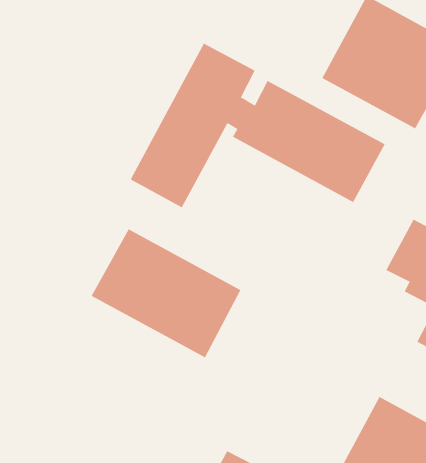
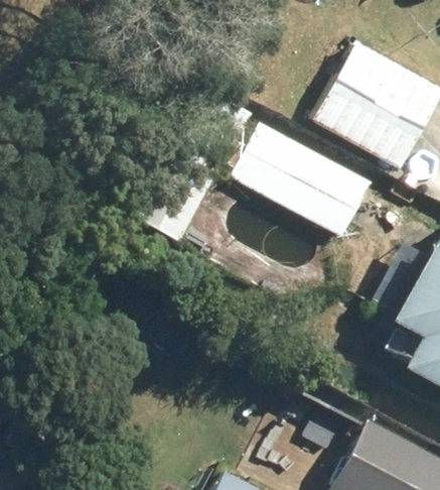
building: [91,228,241,358] -> none

